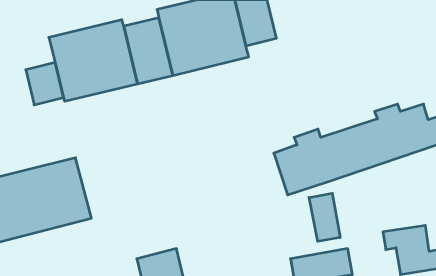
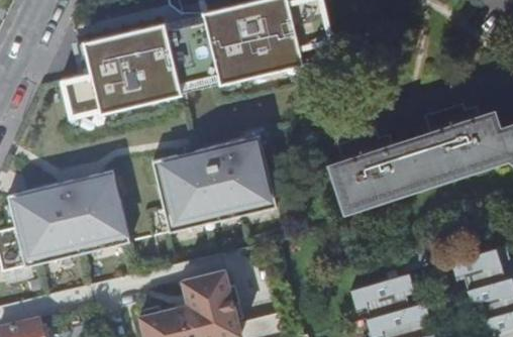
building: none -> [152,133,278,232]
building: [309,193,340,241] -> none

